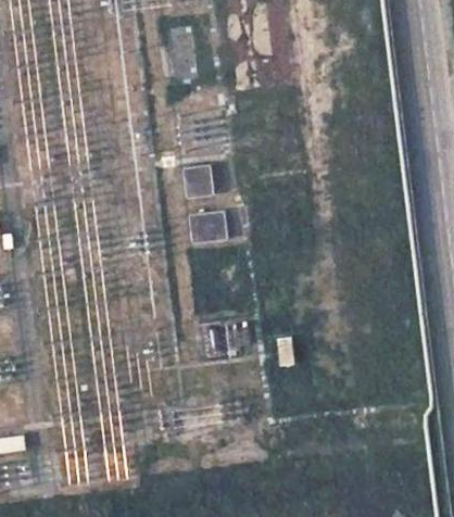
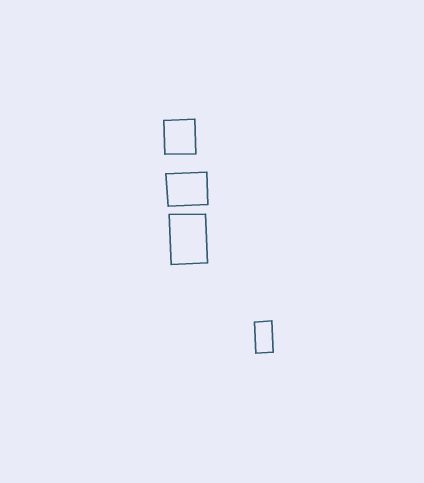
building: none -> [169,214,207,264]

